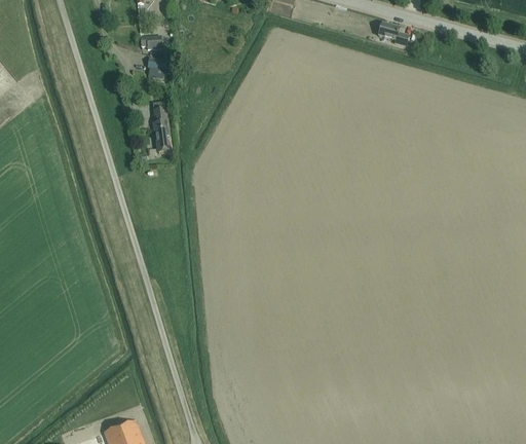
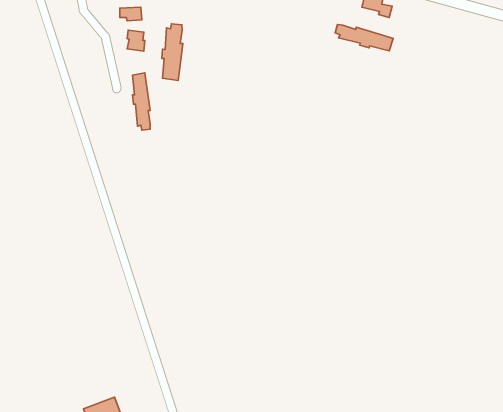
building: none -> [162,24,183,80]
building: none -> [335,24,393,51]

